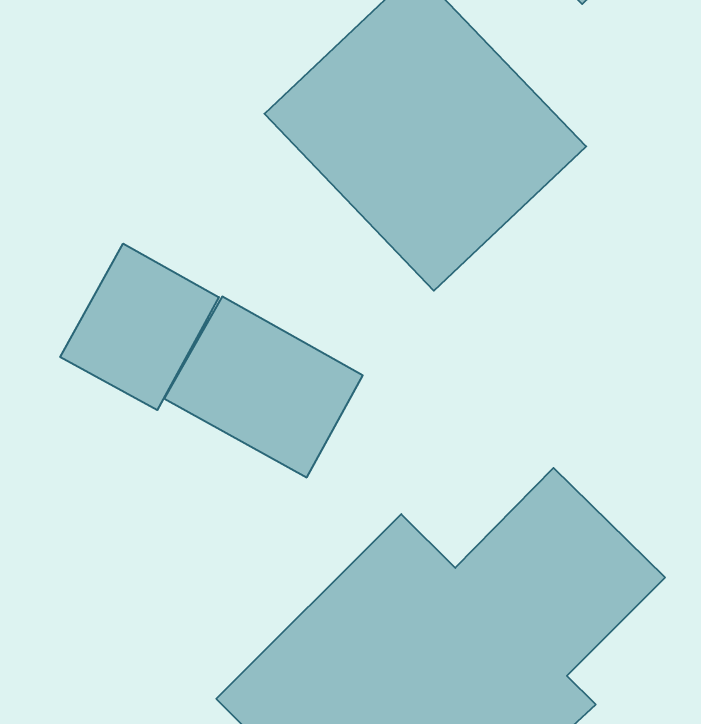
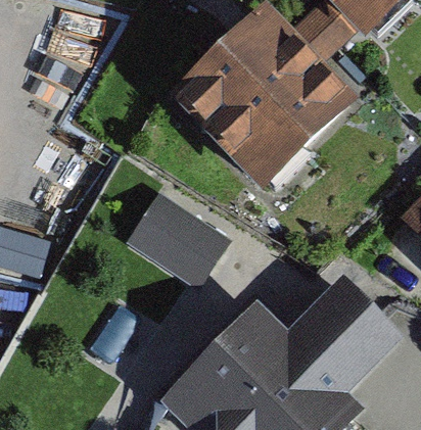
building: [60,244,219,410] -> none

